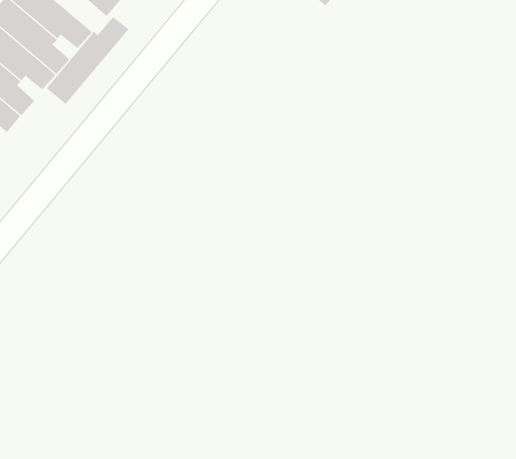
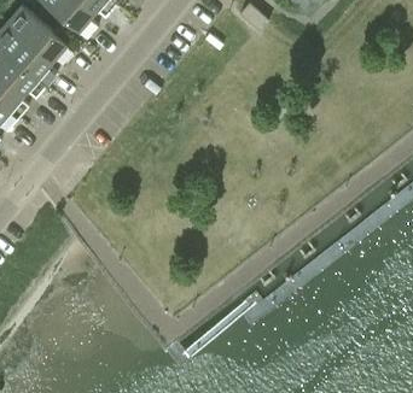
building: [46,16,130,105] -> none

